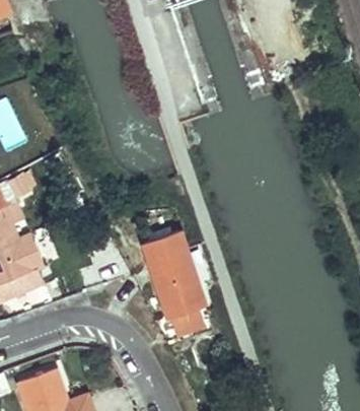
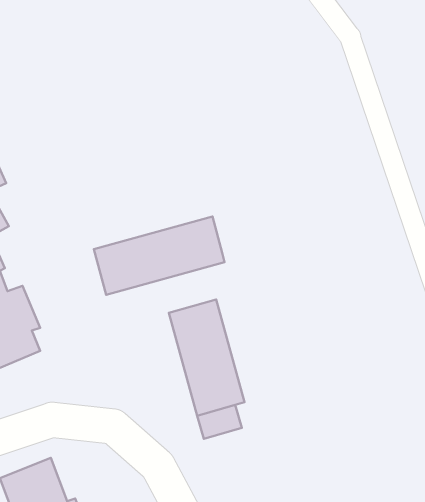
building: none -> [94,216,224,295]

